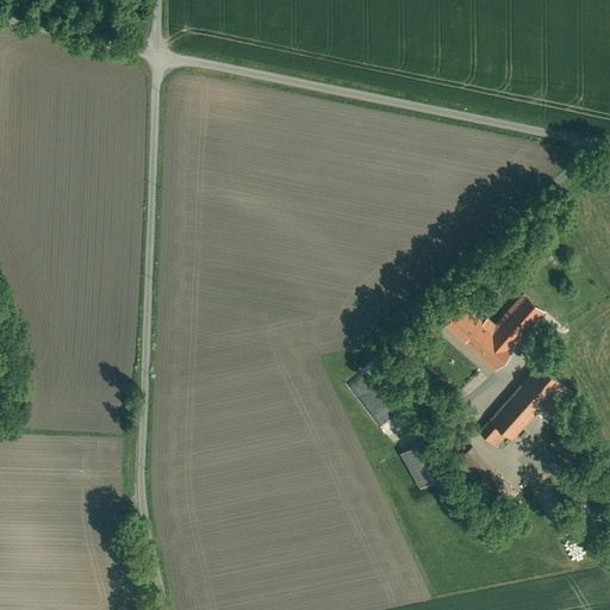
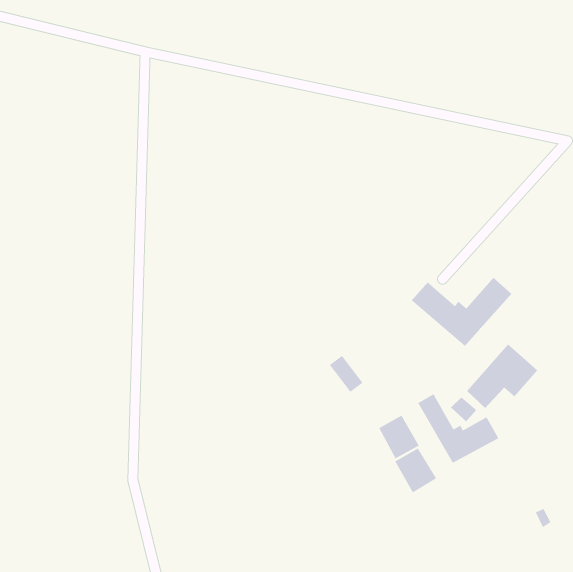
building: none -> [417,393,499,464]
building: none -> [394,447,437,493]

